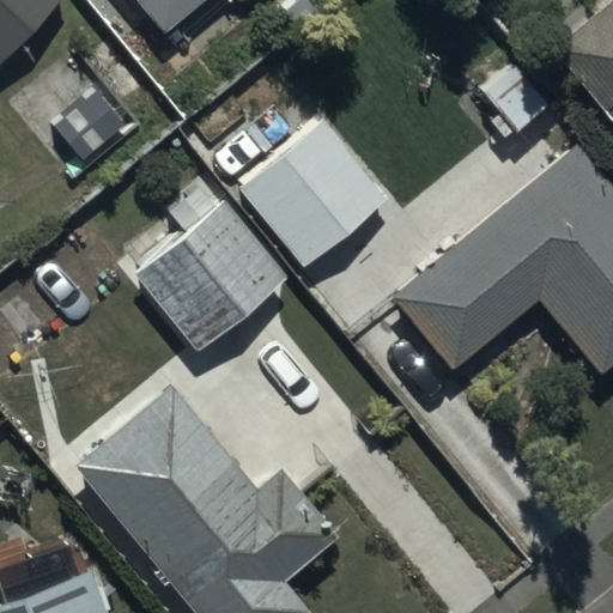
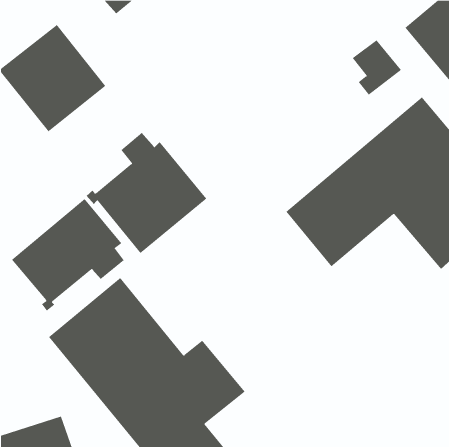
building: [242,123,387,267] -> none
building: none -> [11,198,124,311]

